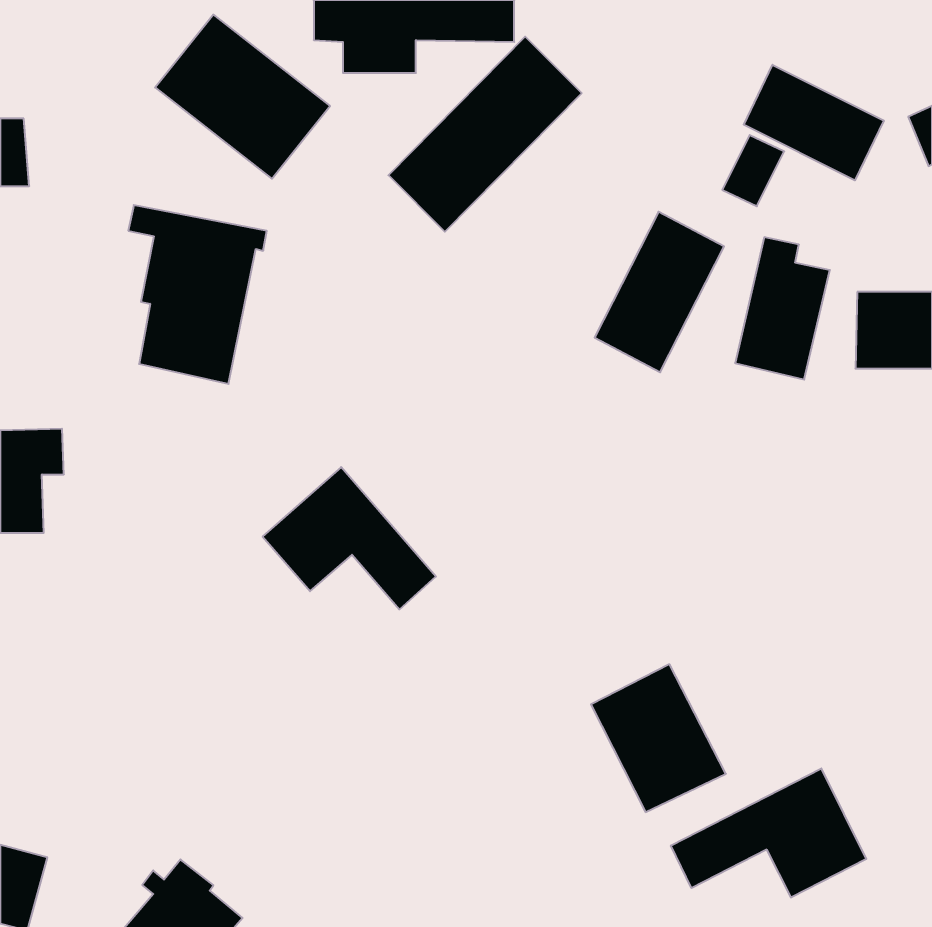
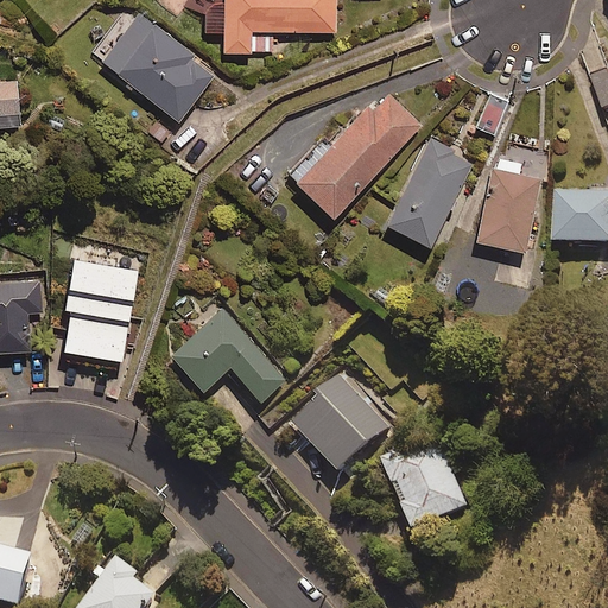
building: [388,37,582,232] -> [294,88,420,215]
building: [744,65,884,180] -> none
building: [128,205,267,384] -> [56,254,146,370]
building: none -> [293,378,390,474]
building: [671,768,866,898] -> none

